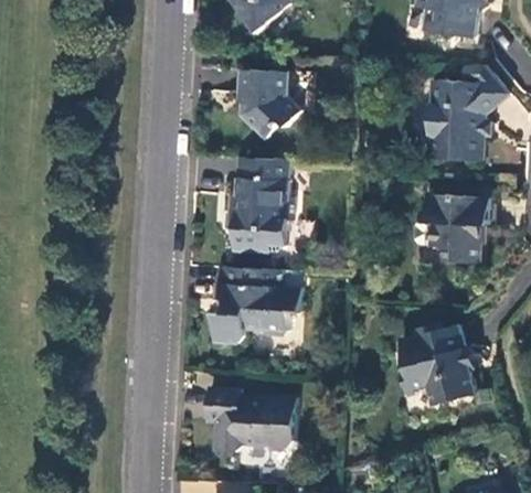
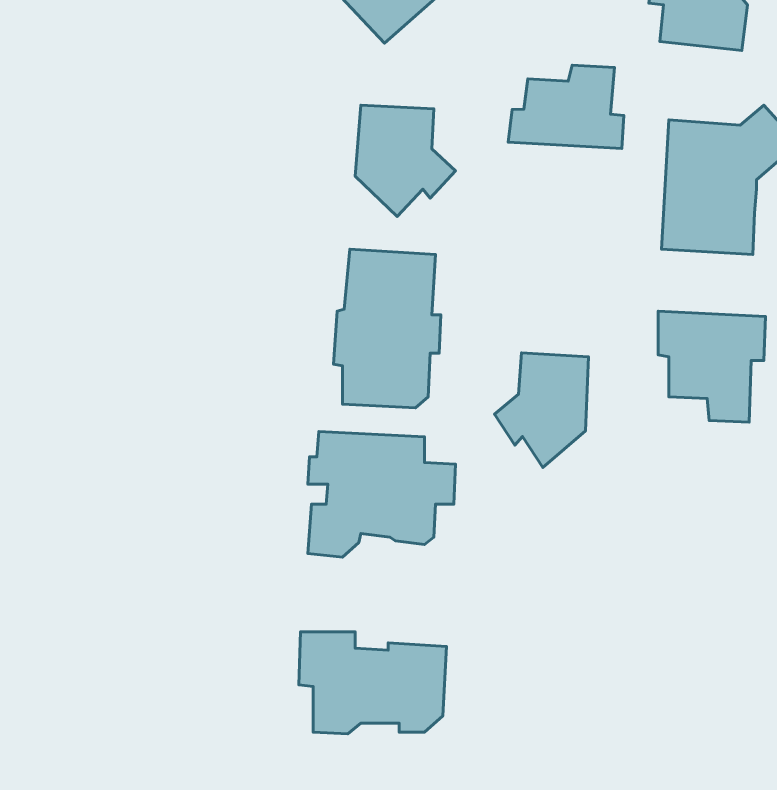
building: none -> [508,65,624,149]
building: none -> [495,353,588,468]
building: [399,323,476,404] -> none

